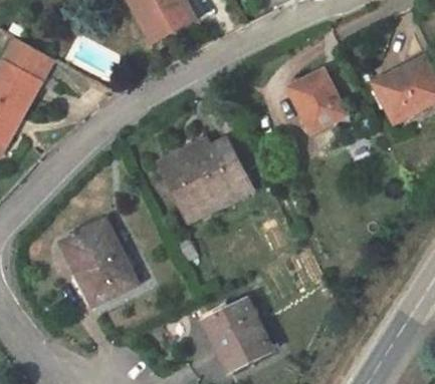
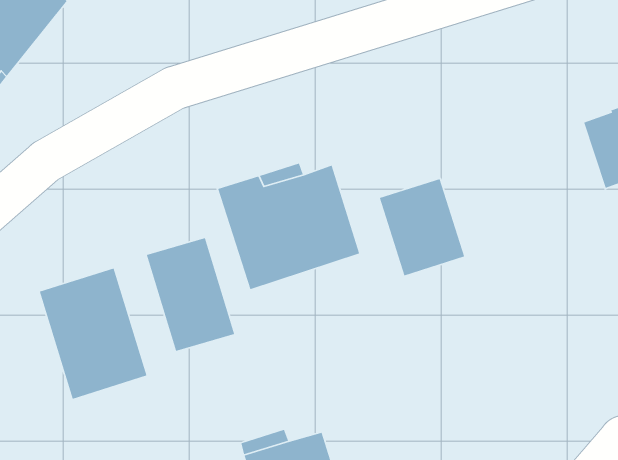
building: [287,70,346,133] -> [379,178,465,277]
building: none -> [146,237,235,352]

